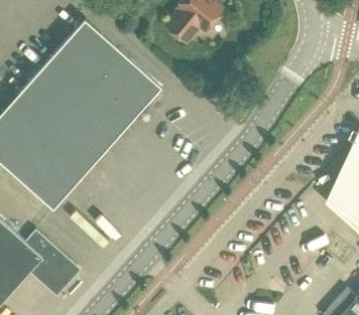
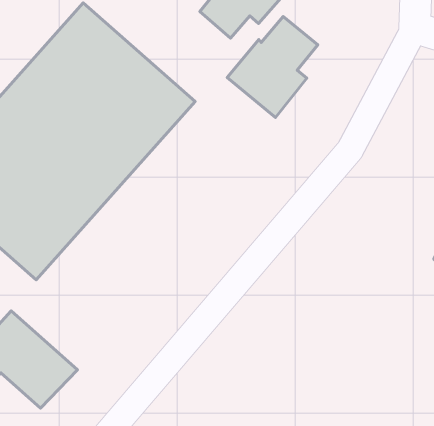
building: none -> [227,17,318,118]

